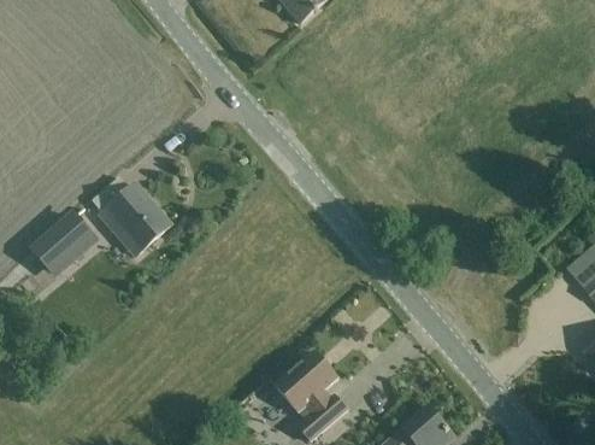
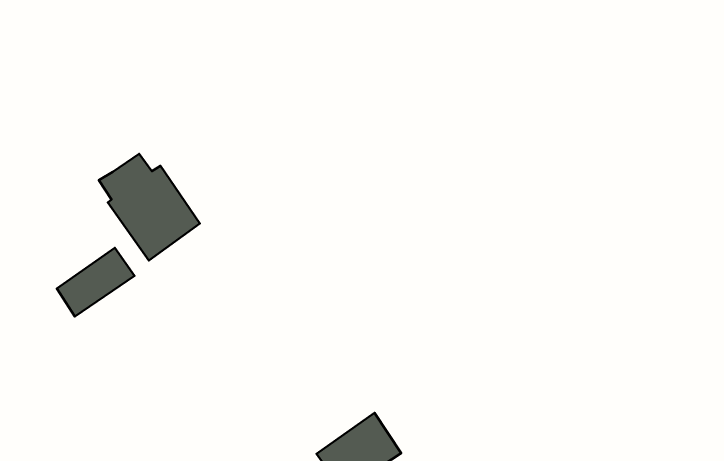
building: [34,216,90,270] -> [57,248,134,317]

